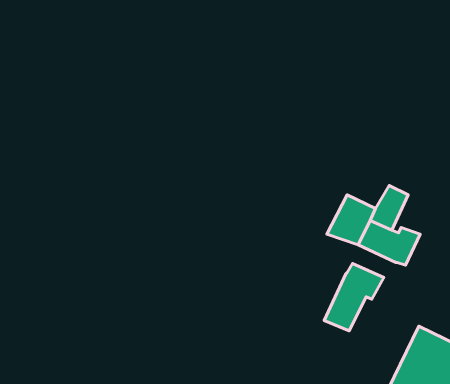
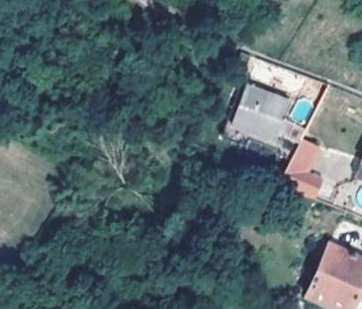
building: none -> [238,85,292,140]
building: [324,263,384,331] -> none

